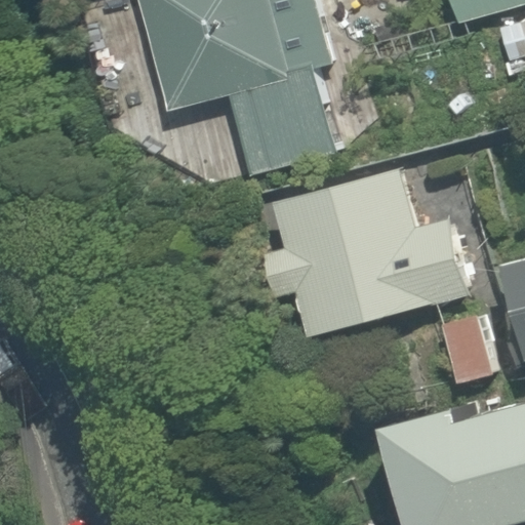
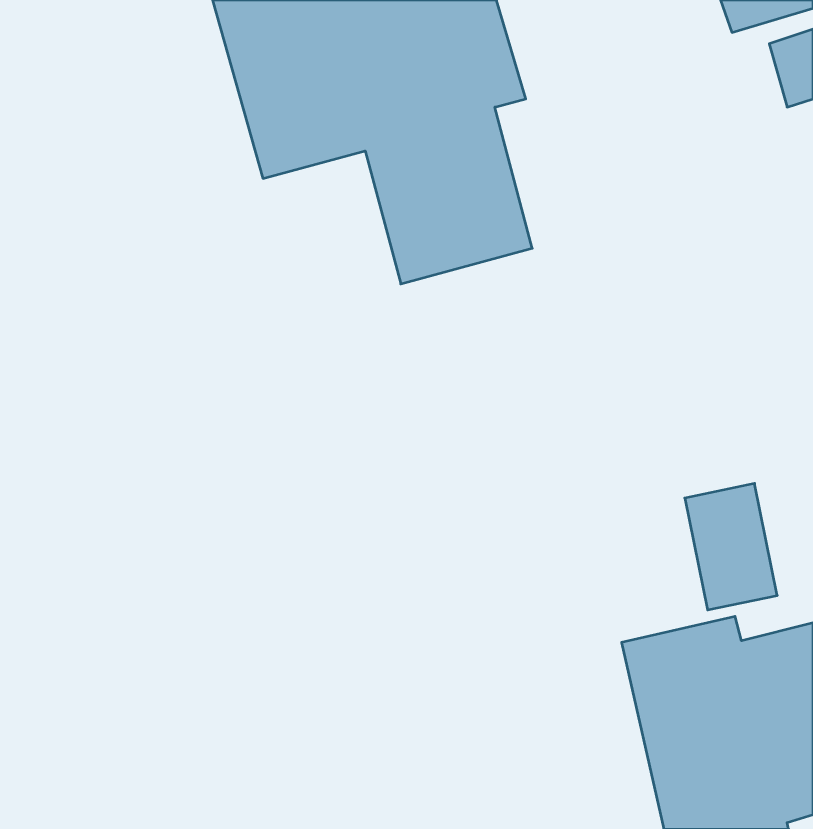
building: [267,171,462,336] -> none

